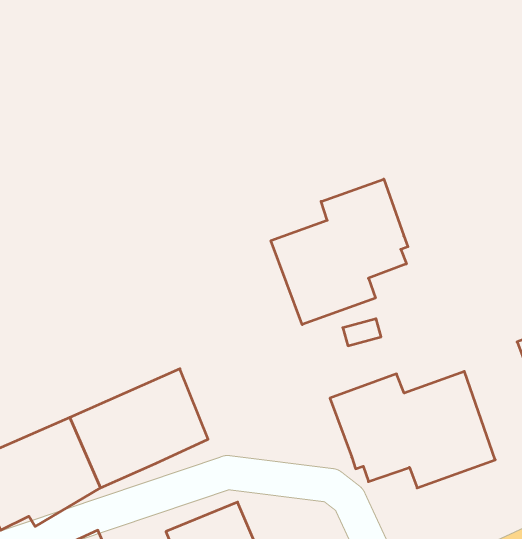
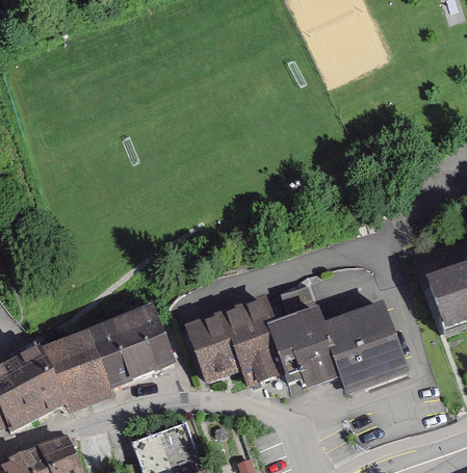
building: [271,179,408,325] -> none
building: none -> [182,297,288,387]

